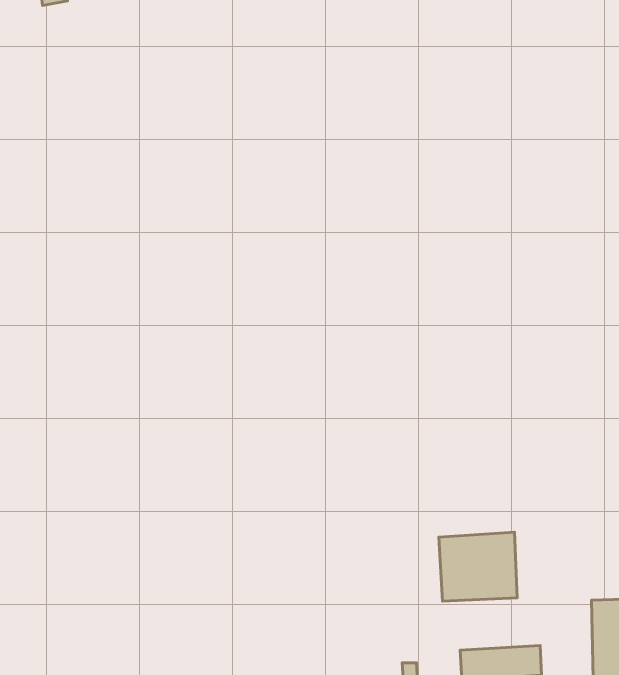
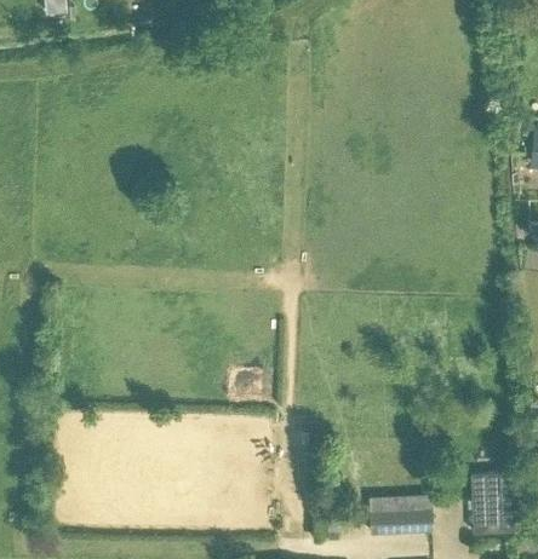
building: [439,532,517,601] -> none

